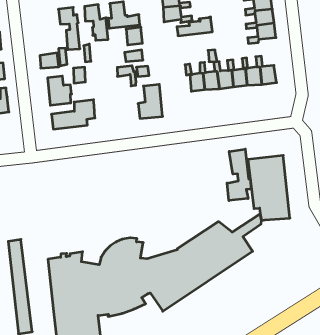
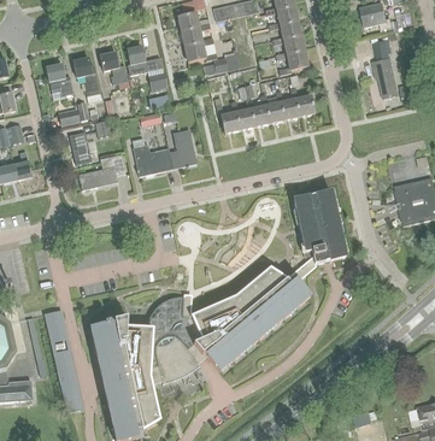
building: none -> [46,63,74,96]
building: none -> [131,137,172,176]
building: [227,149,251,201] -> none

